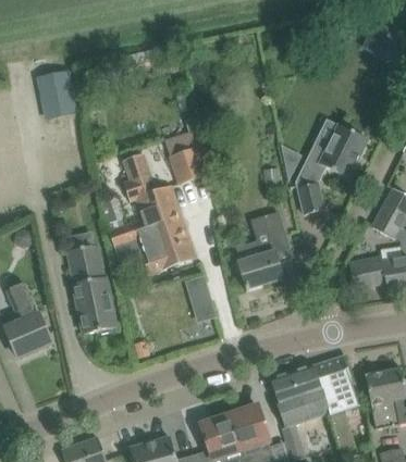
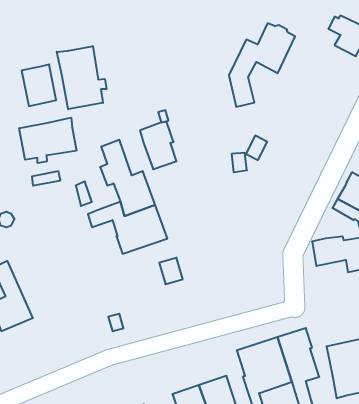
building: none -> [57,46,106,109]
building: [296,124,367,213] -> [229,23,295,107]
building: none -> [19,118,76,163]
building: [236,211,287,290] -> none
building: [69,245,115,333] -> none

